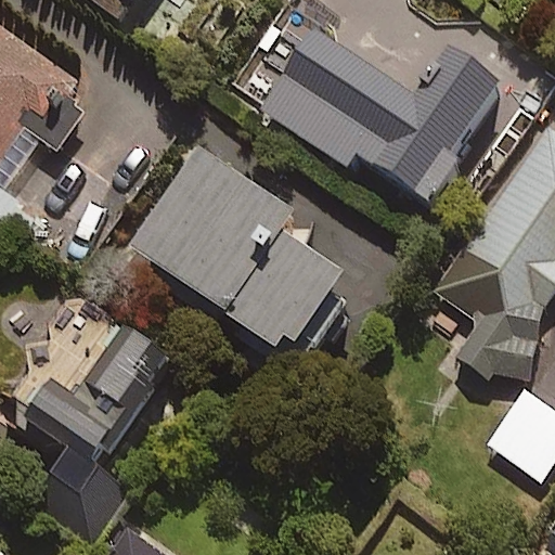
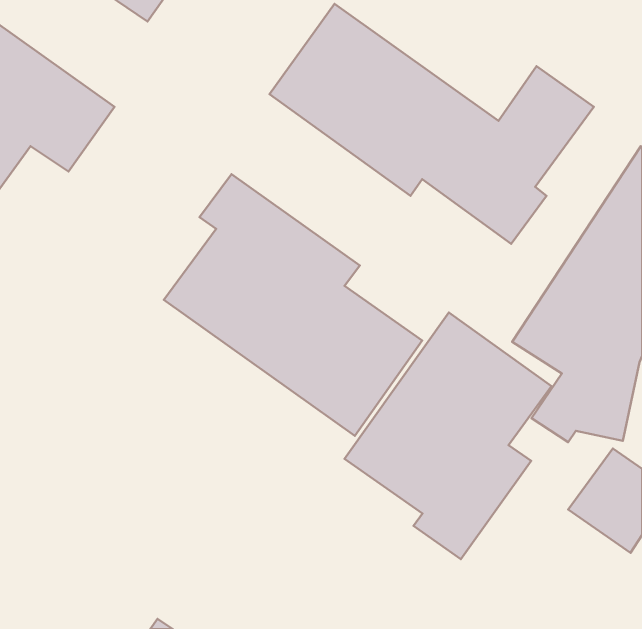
building: none -> [344,313,551,559]
building: [8,299,177,531] -> none

